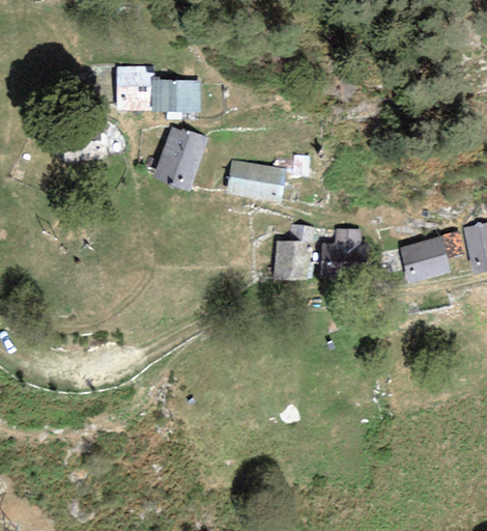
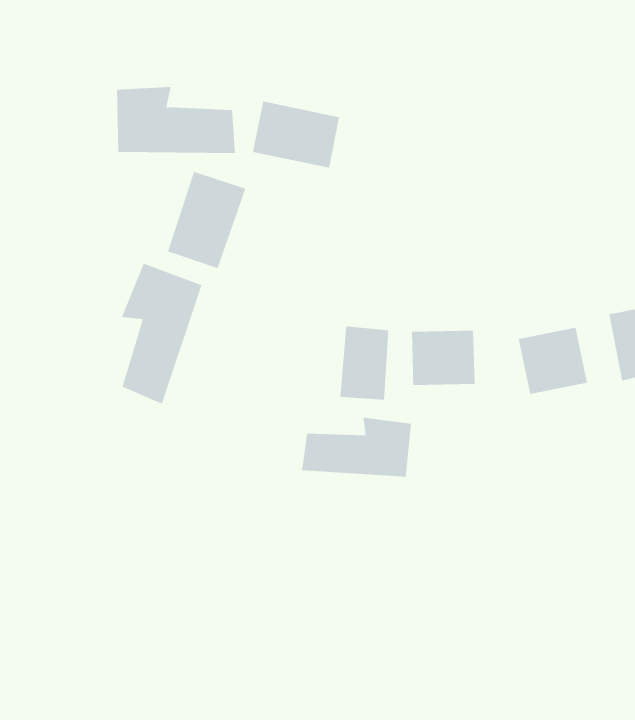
building: [226,156,288,203] -> [252,101,340,168]
building: none -> [121,263,202,404]
building: none -> [301,417,412,478]

